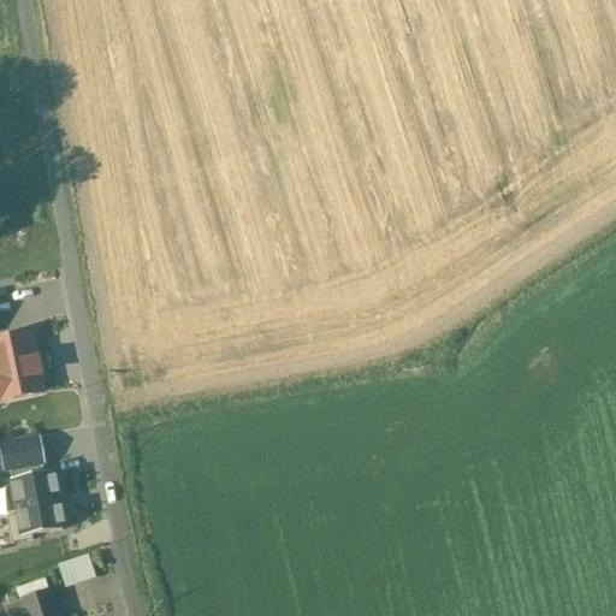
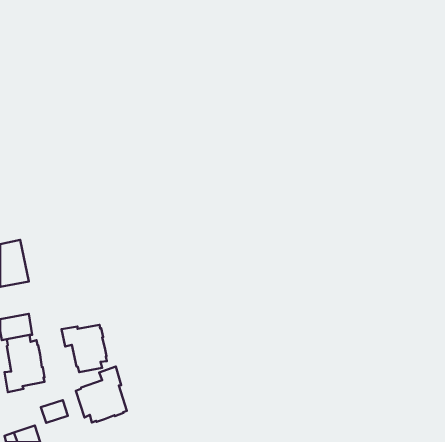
building: none -> [61,325,107,372]
building: none -> [76,367,127,422]

